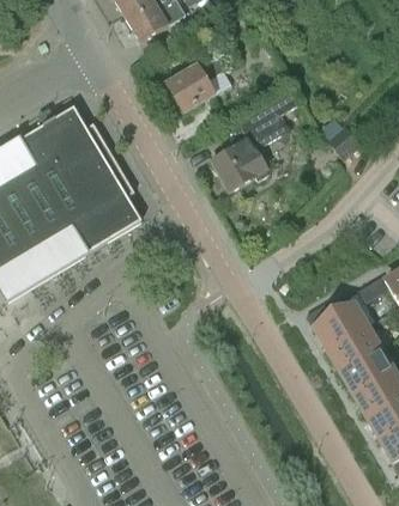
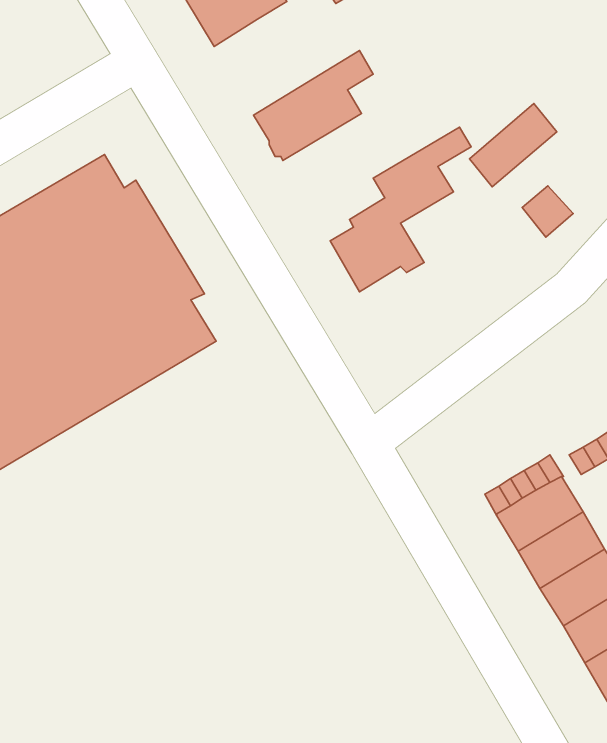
building: none -> [469,104,557,187]

